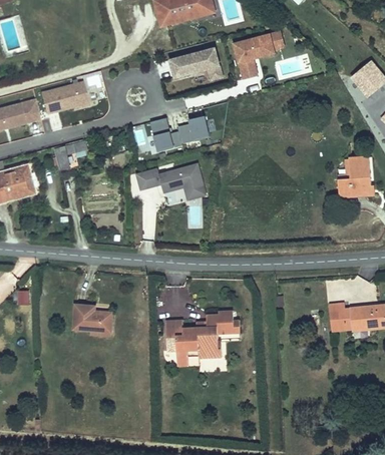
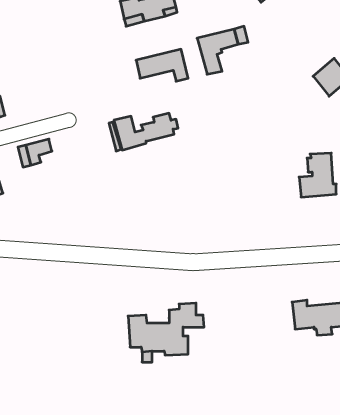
building: [41,81,89,113] -> none
building: [136,164,206,200] -> none
building: [72,302,113,330] -> none

